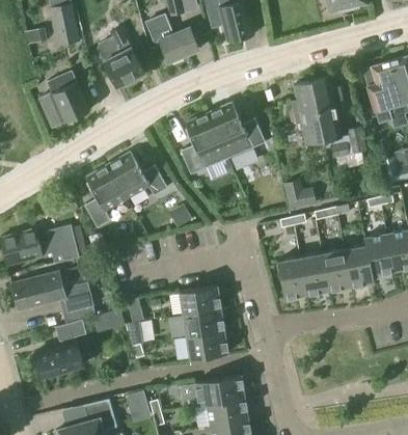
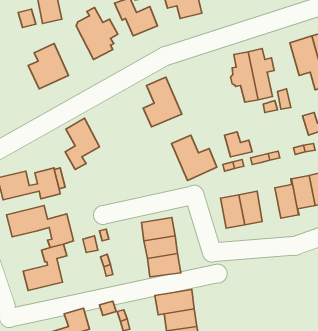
building: [209,103,265,159] -> [172,135,217,181]
building: [108,152,167,199] -> none
building: [322,250,351,292] -> none

